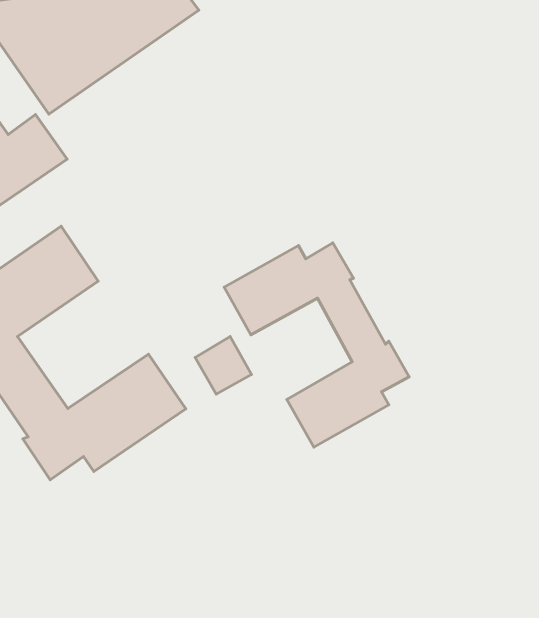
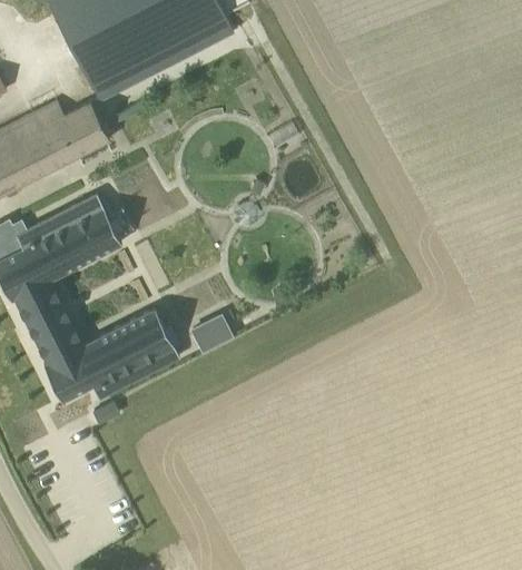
building: [224,243,409,447] -> none

